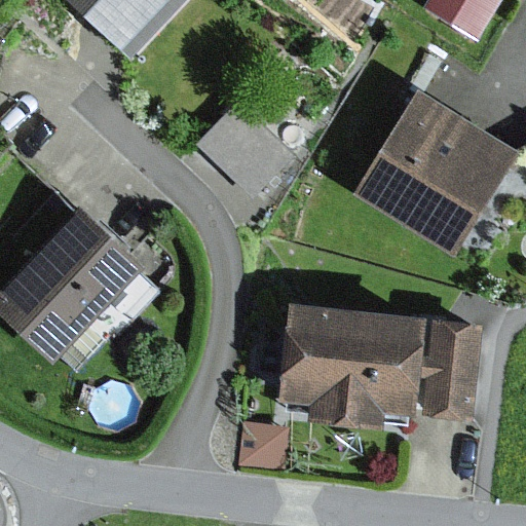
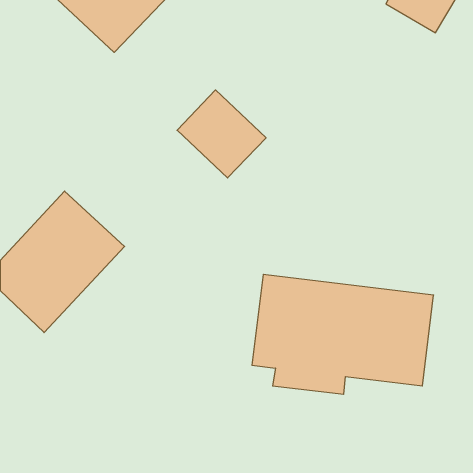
building: [354,97,515,257] -> none

